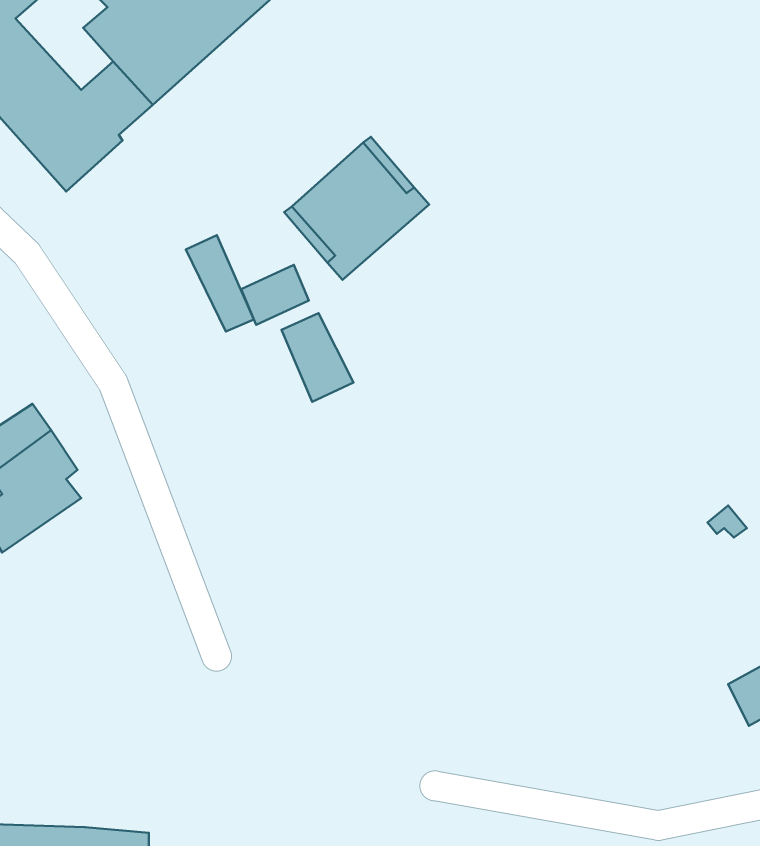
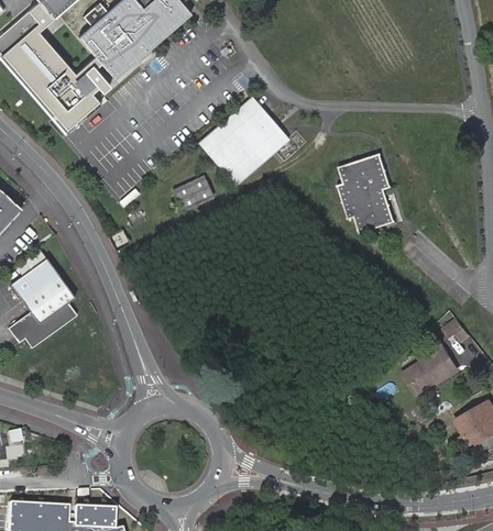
building: none -> [337,151,394,231]
building: [186,235,254,332] -> none
building: [281,313,354,402] -> none
building: none -> [398,343,453,397]

